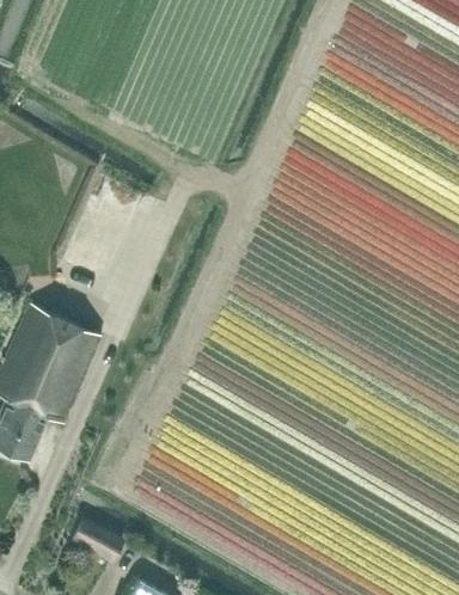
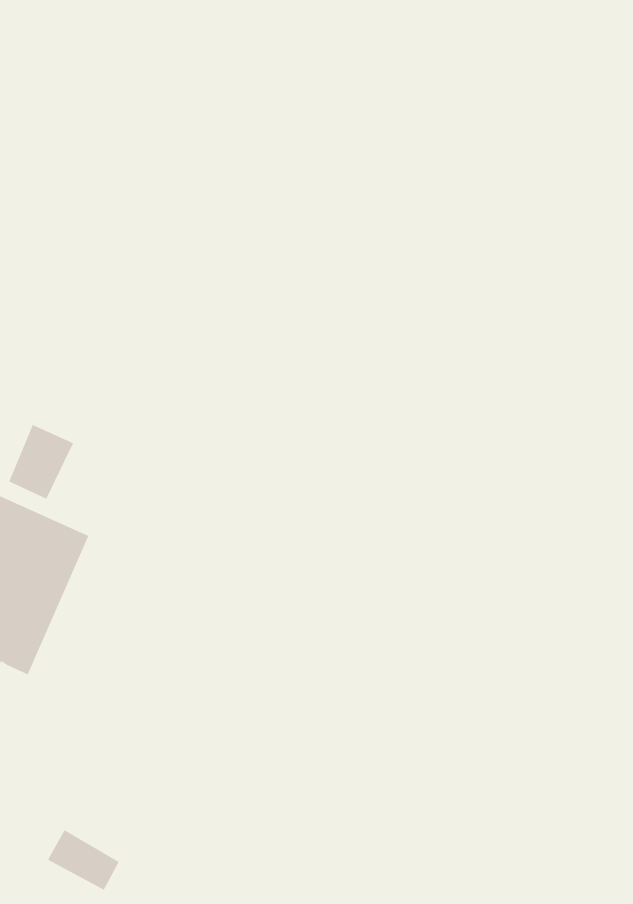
building: none -> [8,424,74,500]

